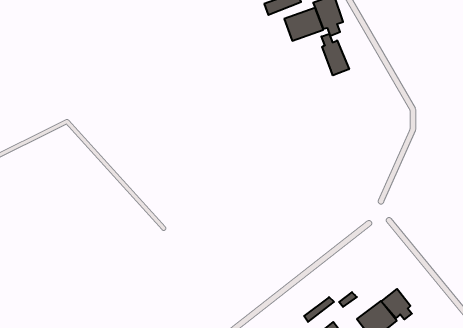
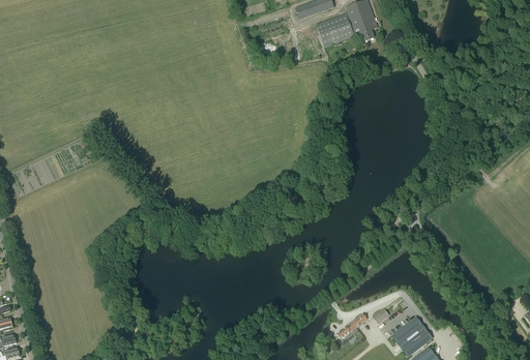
building: [321,34,349,75] -> none
building: [381,289,412,319] -> none

